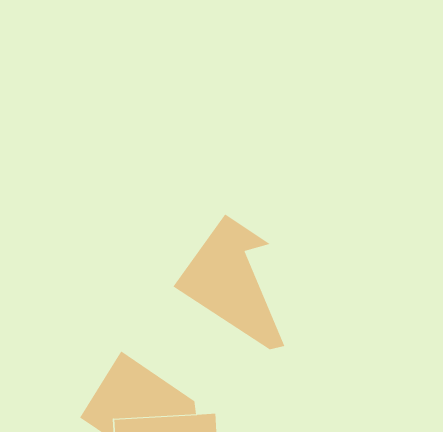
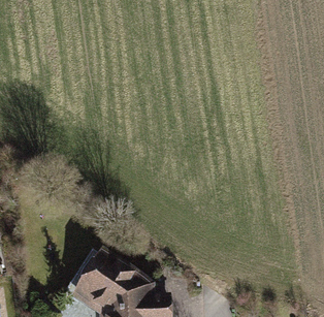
building: [173,214,285,350] -> none

